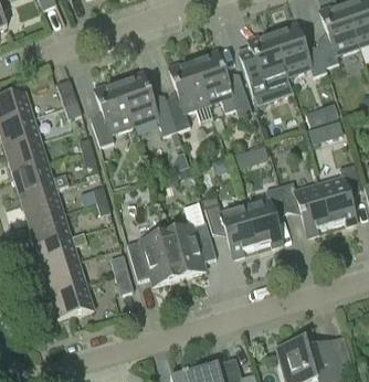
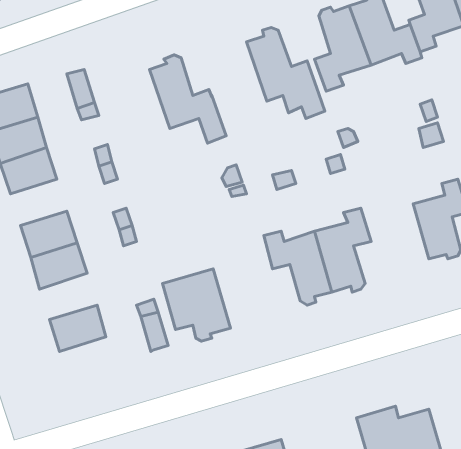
building: [166,57,211,129] -> none
building: [91,78,134,145] -> none
building: [12,162,55,198] -> none
building: [280,180,331,233] -> none
building: [167,202,215,276] -> none
building: [34,232,85,269] -> none
building: [50,283,94,318] -> none

